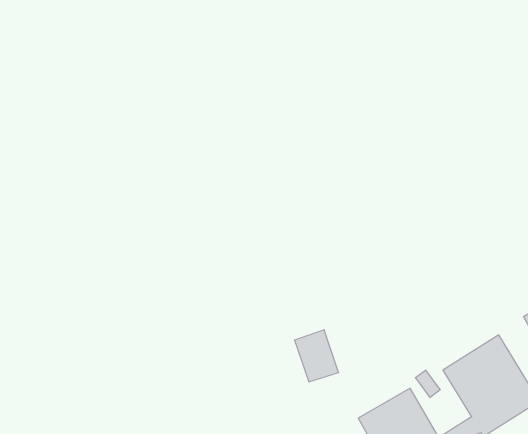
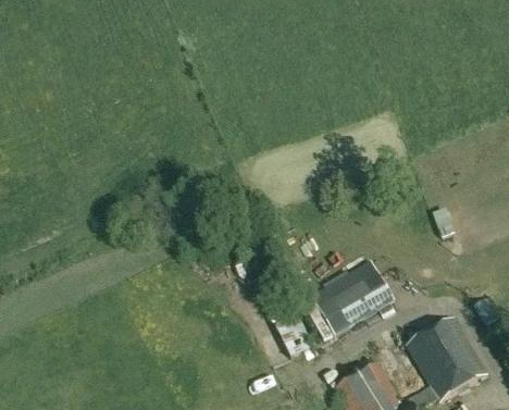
building: none -> [314,260,396,332]

